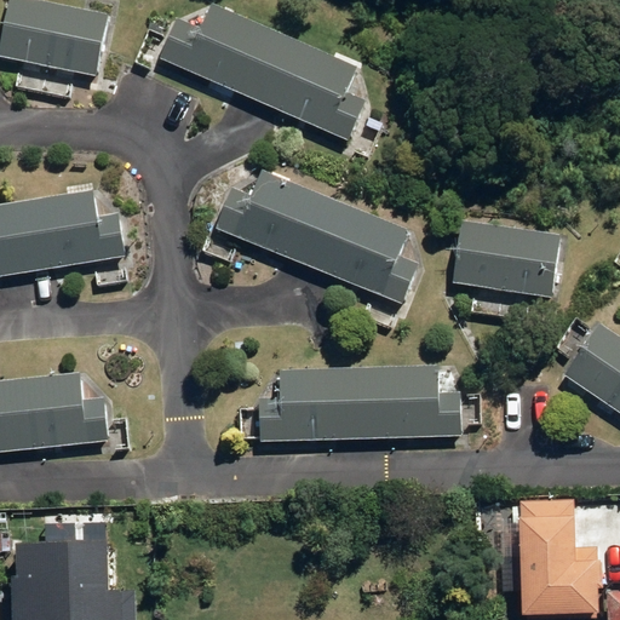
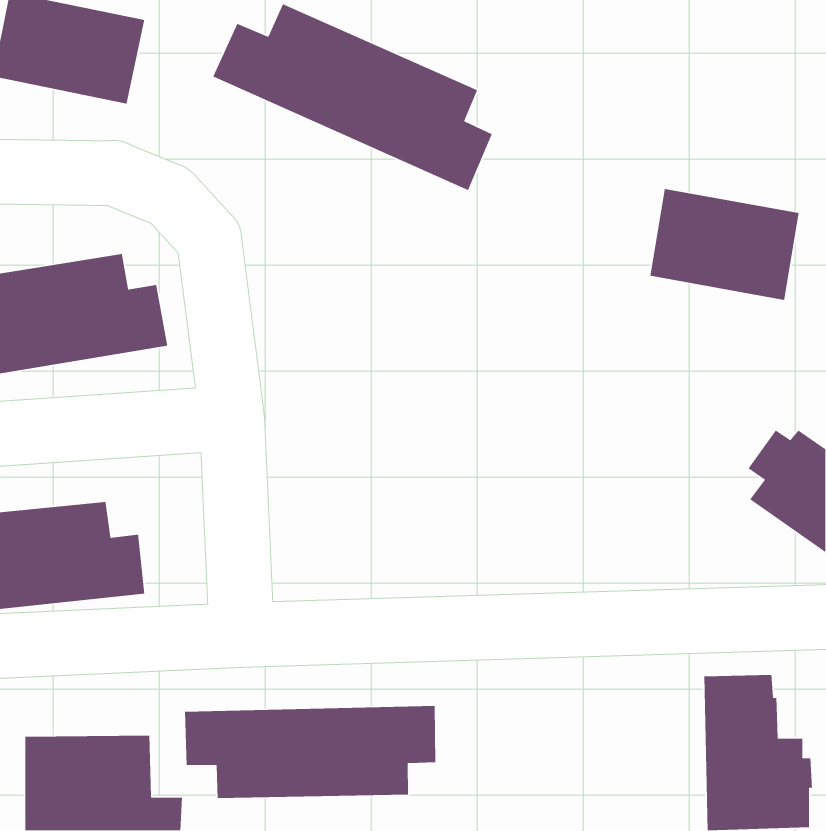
building: [212,170,418,305] -> none
building: [449,217,561,300] -> [649,188,800,301]
building: [256,364,461,441] -> none
building: none -> [184,705,436,799]

